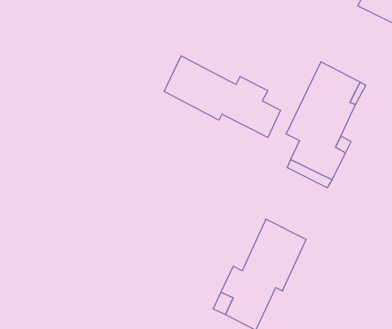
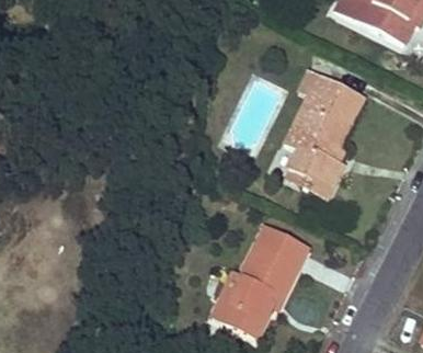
building: [164,56,280,137] -> none

